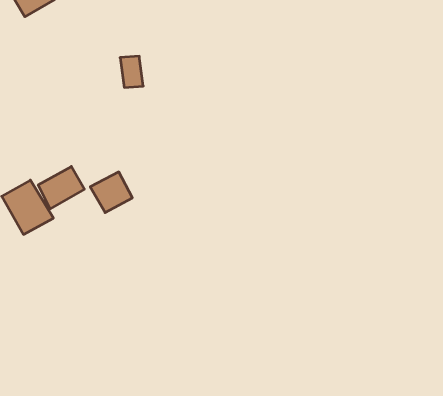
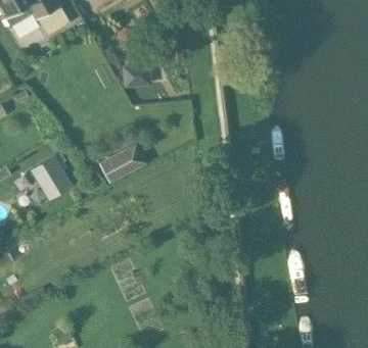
building: [38,166,84,209] -> none

